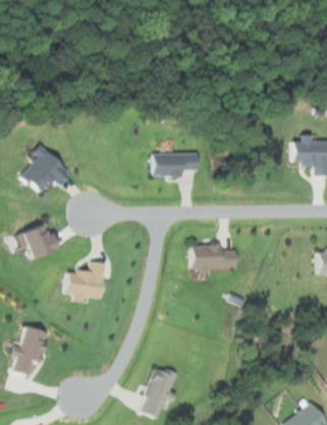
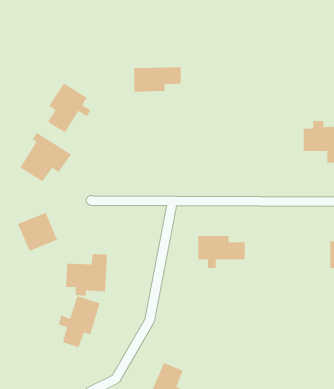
building: none -> [47,82,91,133]
building: [152,153,198,177] -> [134,67,182,92]
building: [8,324,49,374] -> [58,296,100,348]

